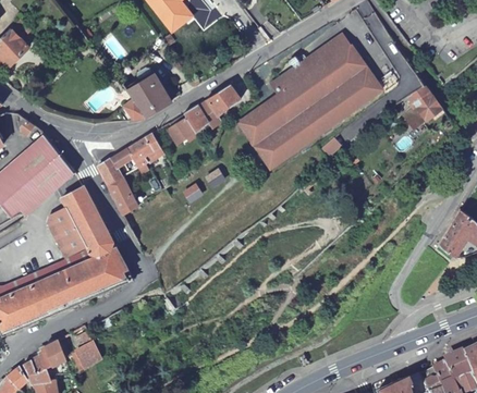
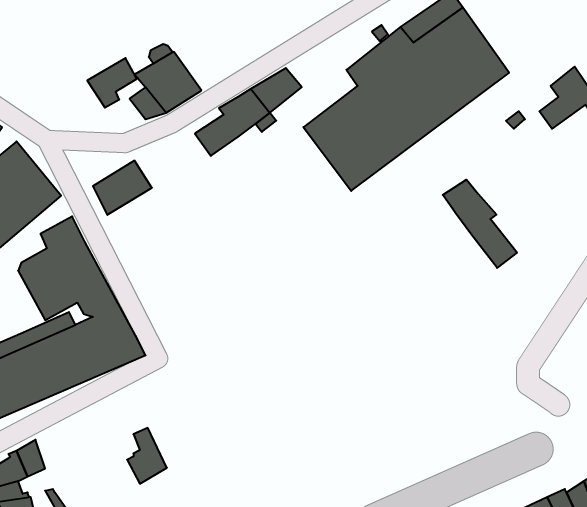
building: [126,133,160,167] -> [87,58,137,108]
building: none -> [443,180,517,268]
building: [108,176,138,214] -> none
building: [73,331,100,369] -> [127,428,167,484]

